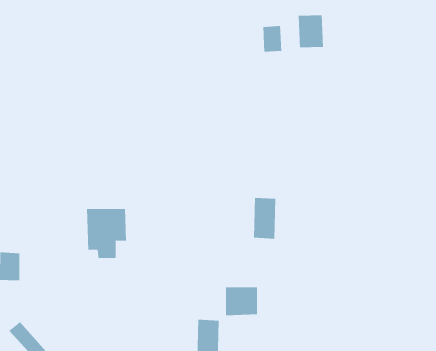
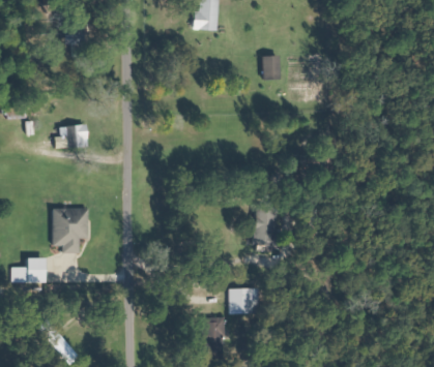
building: [298,14,324,48] -> none
building: none -> [55,124,87,147]
building: [86,209,127,258] -> [52,208,88,252]

